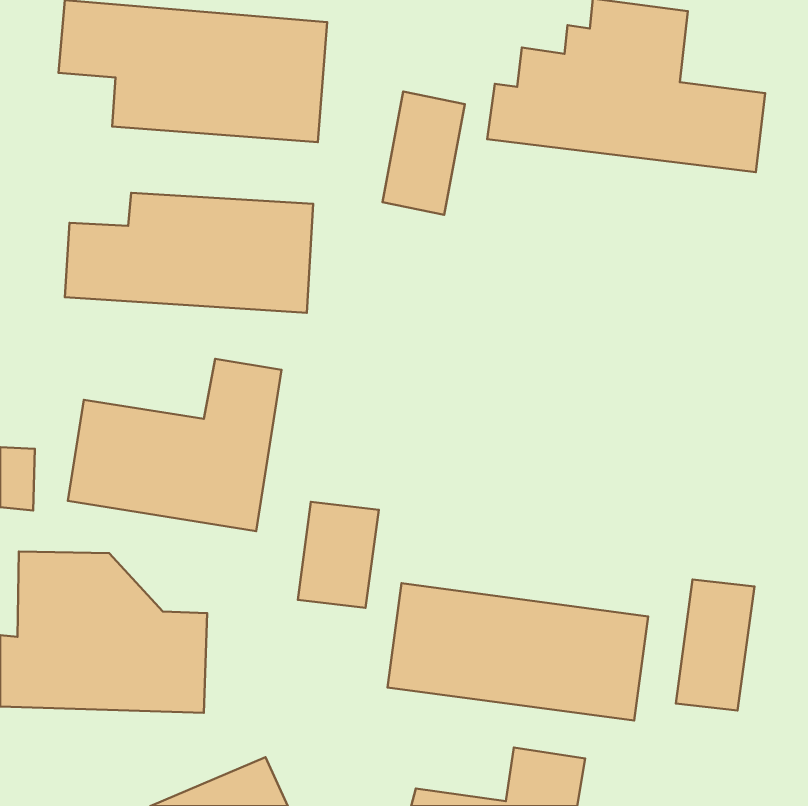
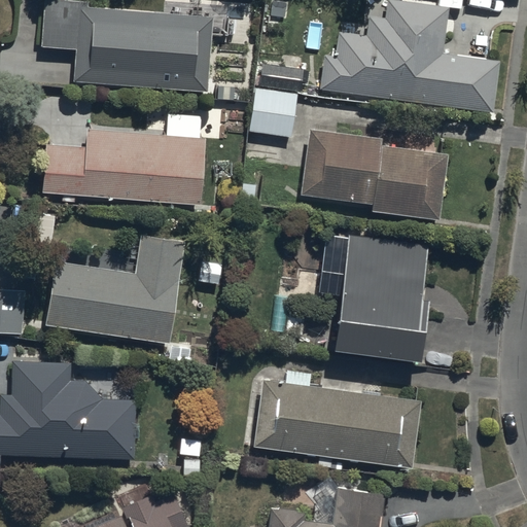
building: none -> [297,131,451,220]
building: none -> [331,235,429,370]
building: [298,502,379,608] -> none
building: [676,580,754,711] -> none

